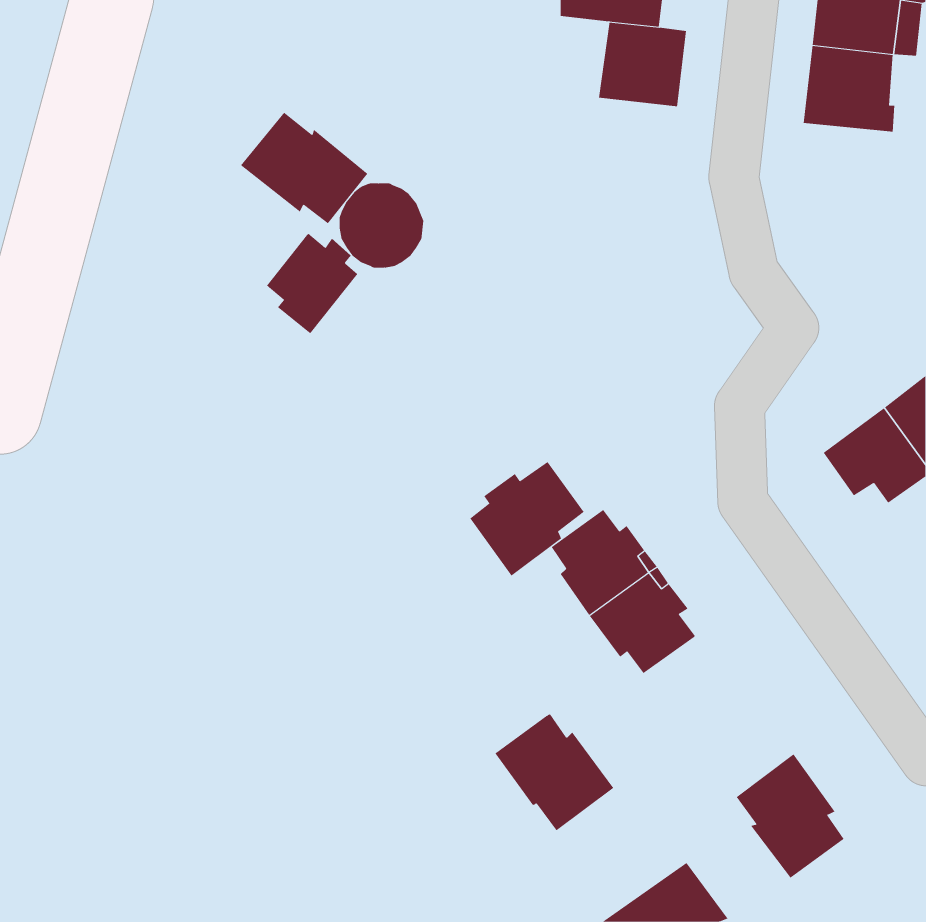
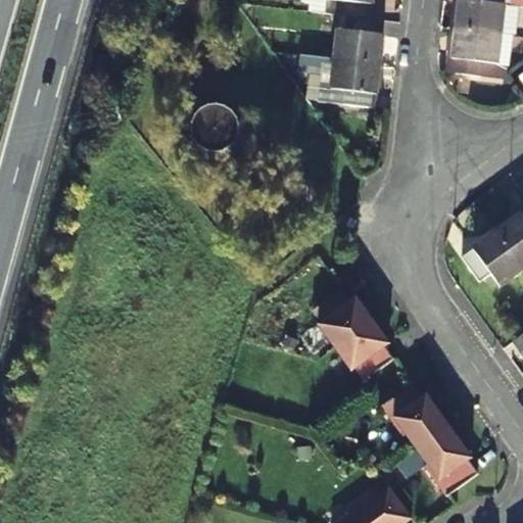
building: none -> [303,52,382,105]
building: [240,112,368,224] -> none
building: [266,233,358,334] -> none
building: [469,461,584,576] -> none
building: [494,714,614,831] -> [380,383,447,449]

